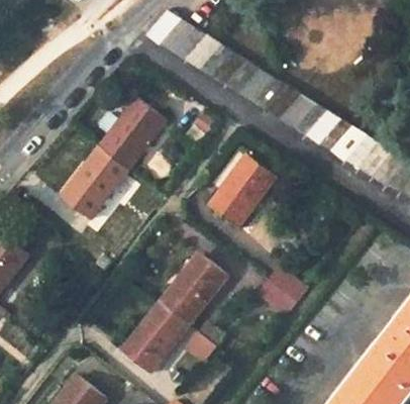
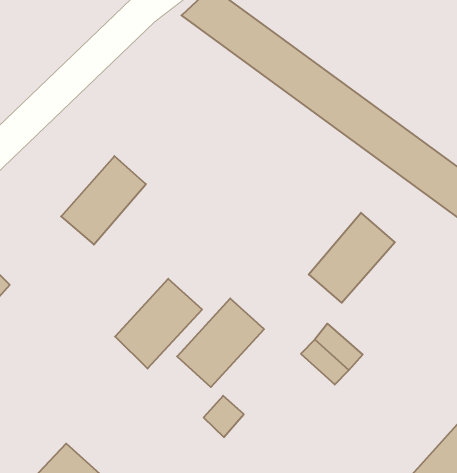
building: [96,98,163,168] -> none
building: [209,155,275,226] -> [309,213,395,303]
building: [121,301,188,373] -> [115,279,202,369]

